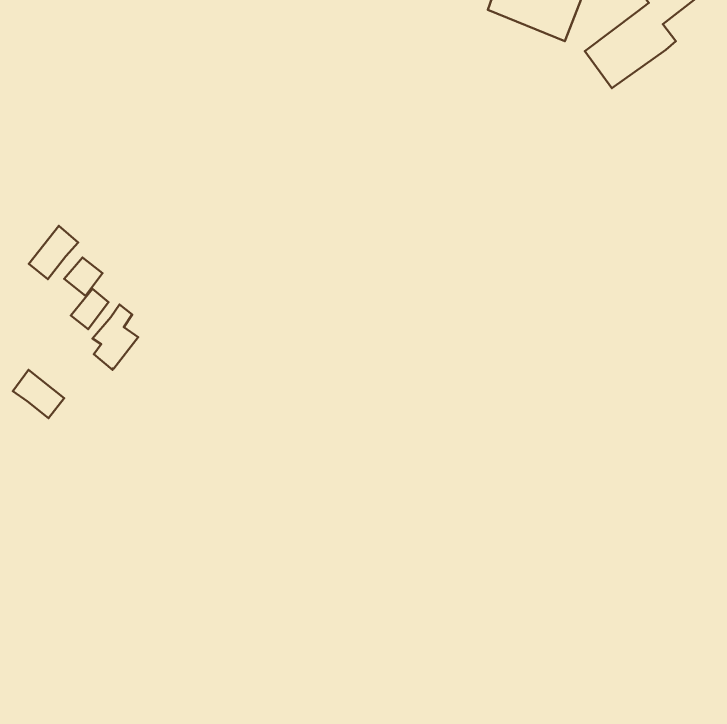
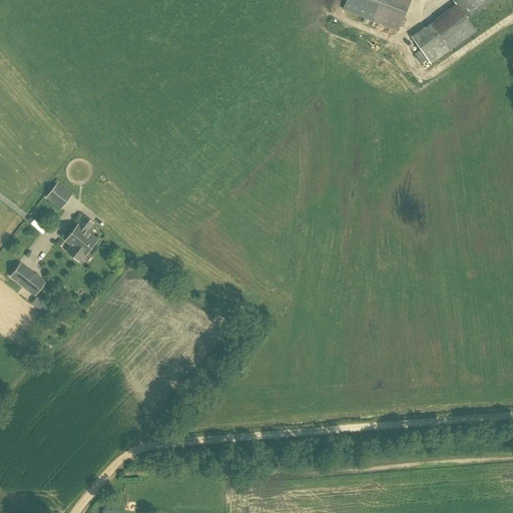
building: [29,226,78,279] -> none
building: [71,289,109,329] -> none

